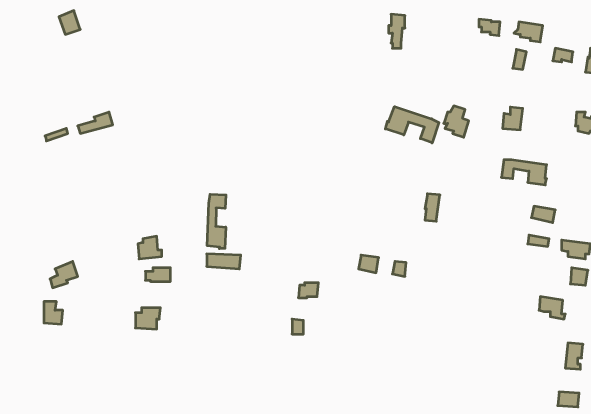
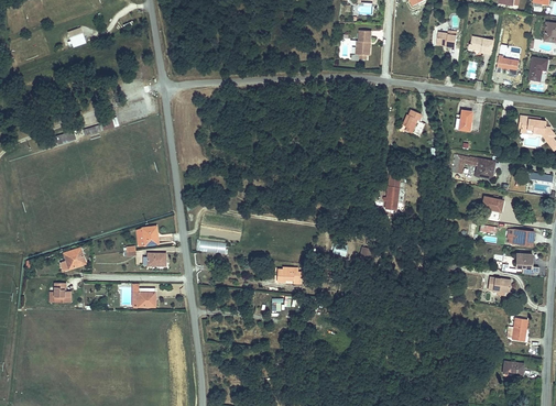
building: [385,107,439,143] -> none
building: [207,194,226,249] -> none

